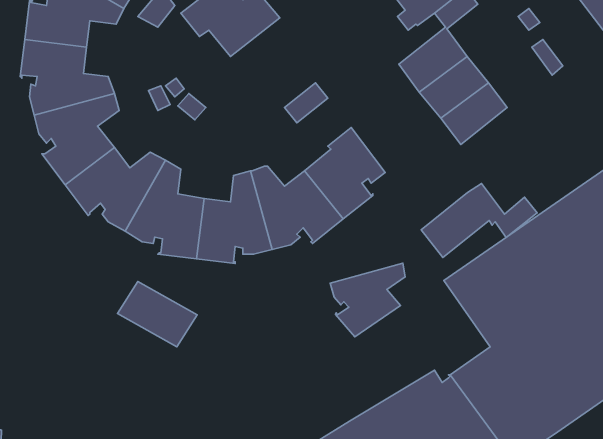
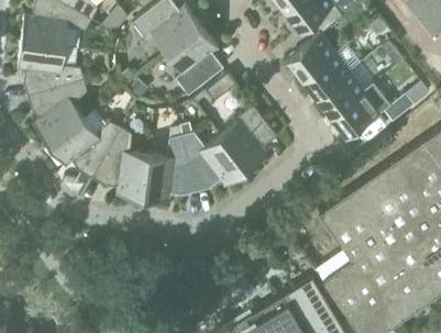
building: none -> [169,29,225,97]
building: [421,183,537,258] -> [333,86,416,138]
building: [330,263,405,337] -> none
building: [118,281,197,347] -> none

